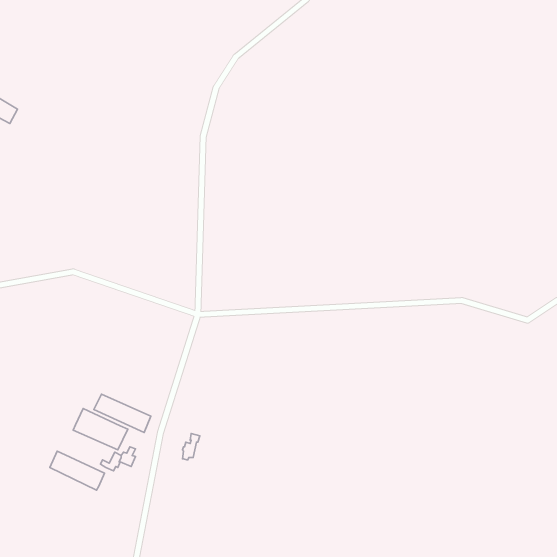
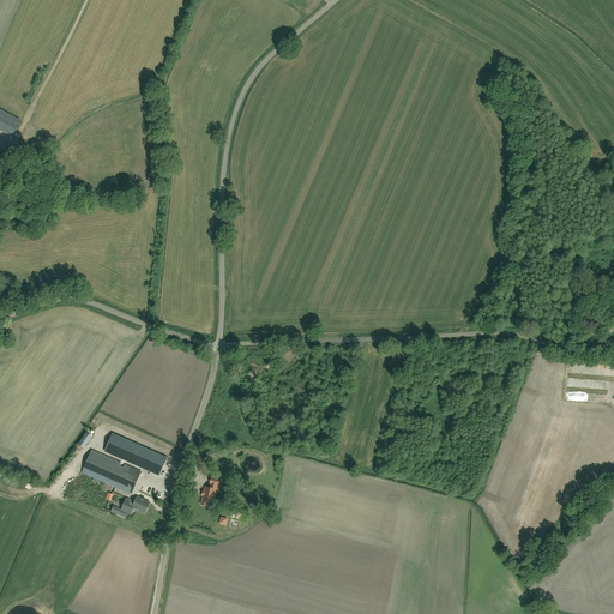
building: [50,451,105,490] -> none

